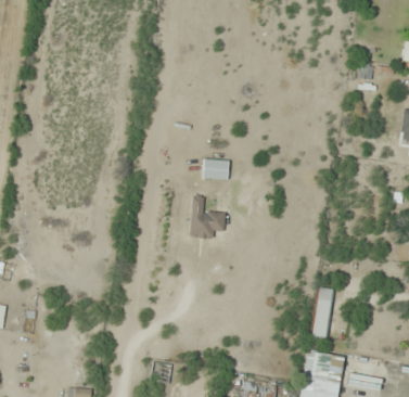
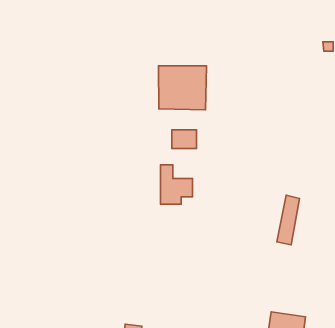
building: none -> [159,66,206,110]
building: [310,287,334,340] -> [277,195,300,245]

